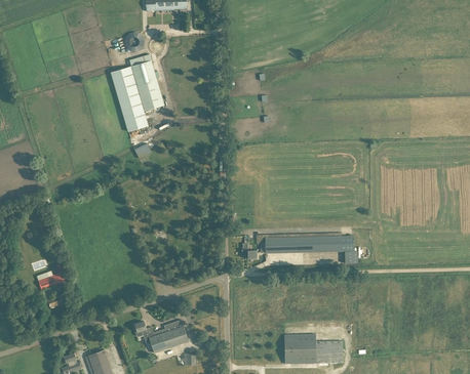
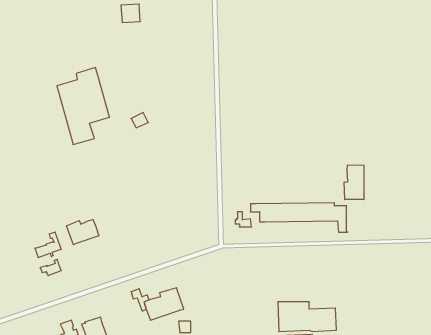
building: [110,54,163,132] -> [57,68,110,145]
building: none -> [344,165,364,200]
building: none -> [67,219,99,245]

